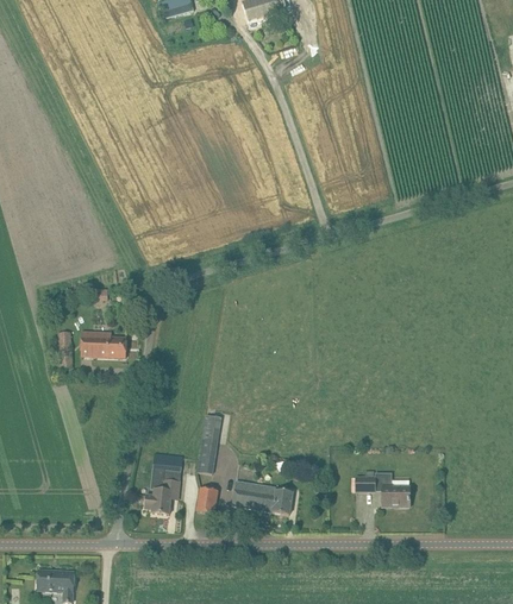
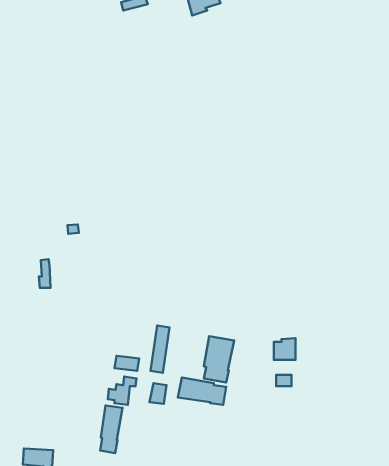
building: [81,332,126,358] -> none
building: none -> [204,336,234,383]
building: [382,479,409,507] -> [274,338,296,360]
building: none -> [100,405,123,453]

